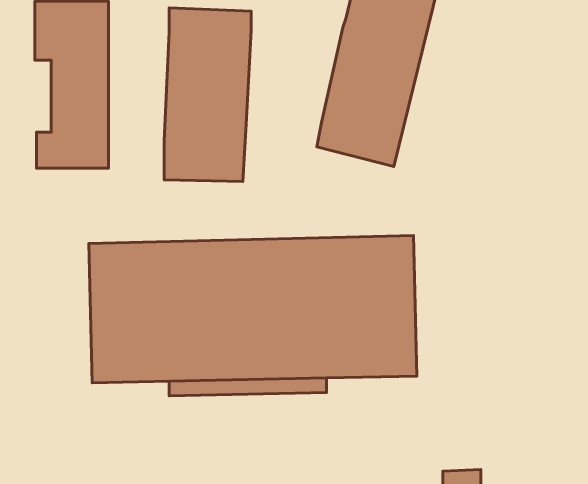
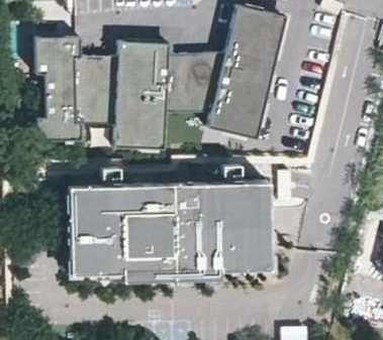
building: none -> [165,52,224,112]
building: none -> [80,55,117,123]

